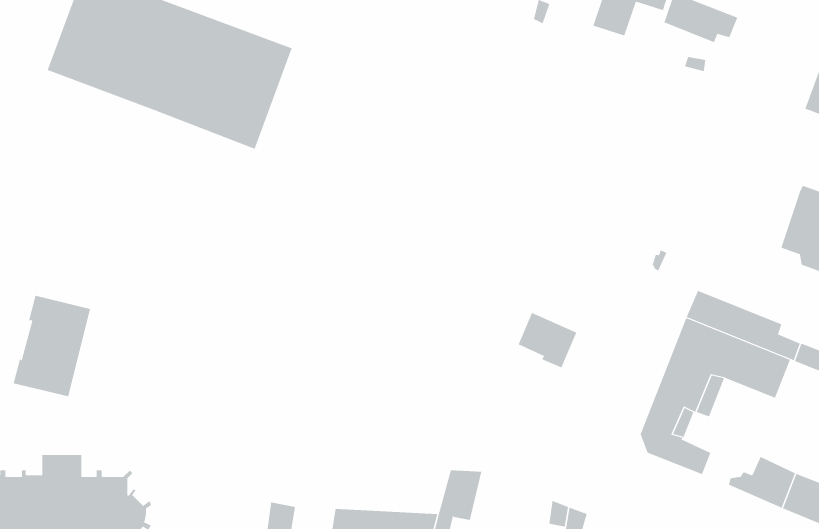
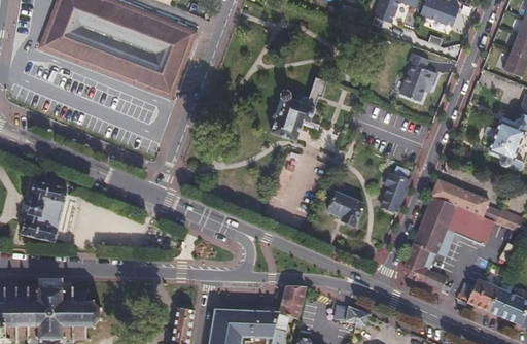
building: none -> [398,51,434,100]
building: none -> [270,76,326,139]
building: none -> [381,166,408,211]

